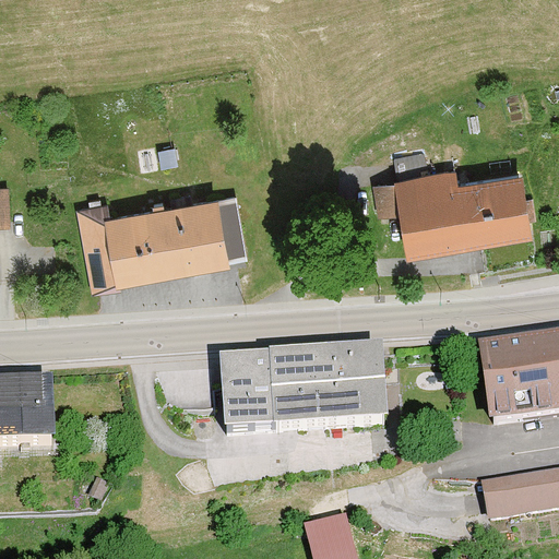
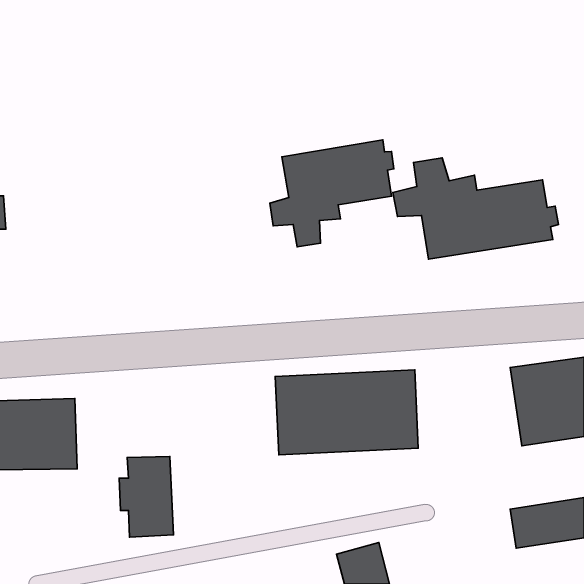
building: none -> [270,140,394,247]
building: [76,192,239,287] -> none
building: [213,357,264,433] -> [119,456,173,537]

